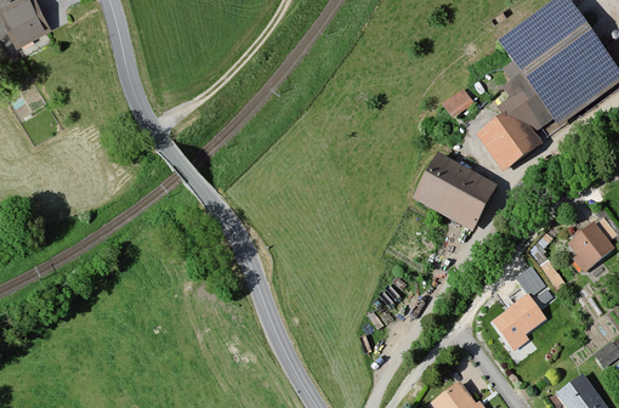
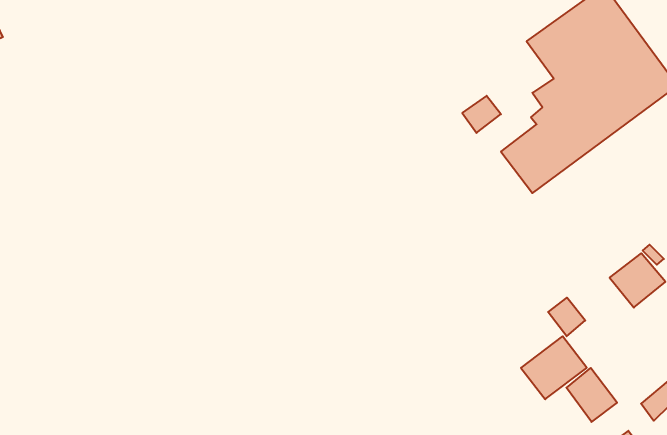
building: [411,153,494,230] -> none
building: none -> [566,368,617,422]

